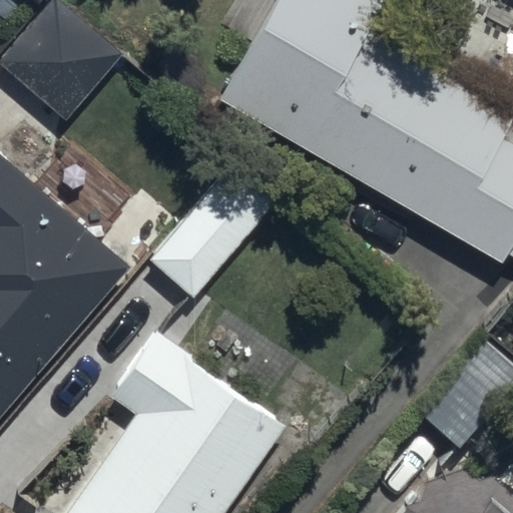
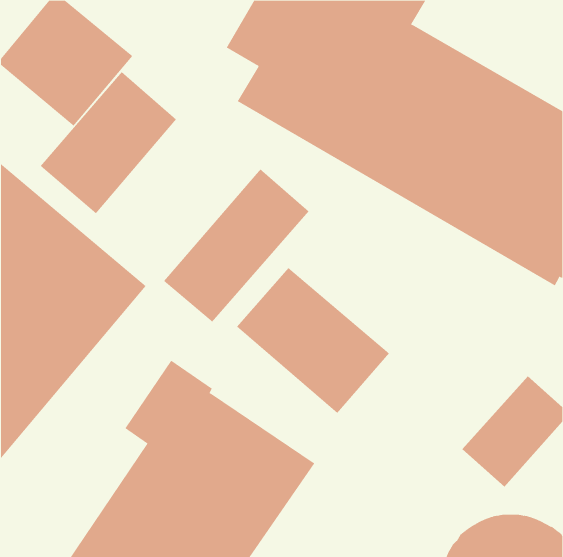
building: none -> [40,71,177,214]
building: none -> [236,267,390,414]

